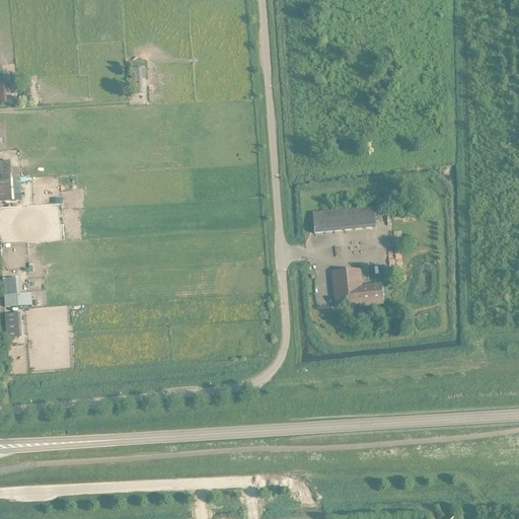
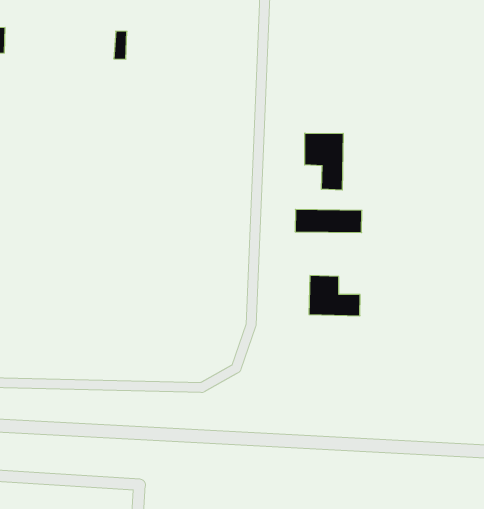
building: none -> [305,133,343,190]

